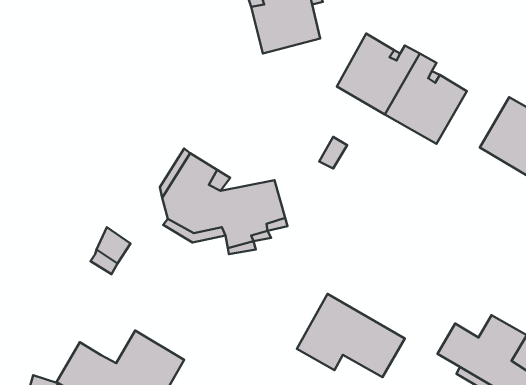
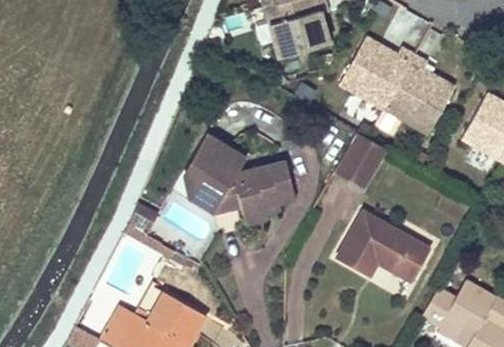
building: none -> [335,132,387,190]
building: [297,294,405,377] -> [338,210,431,281]

